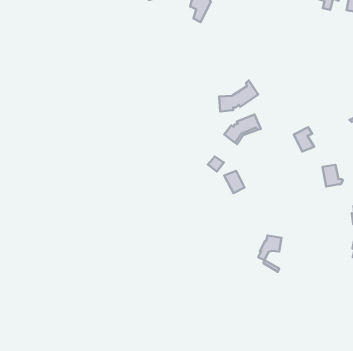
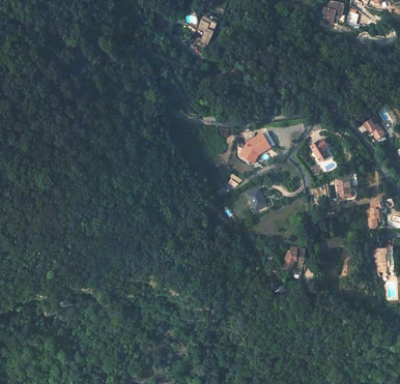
building: [219,80,258,112] -> none

